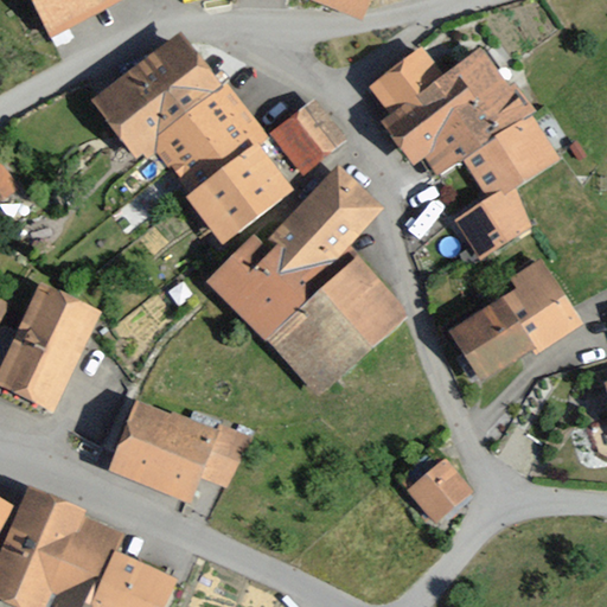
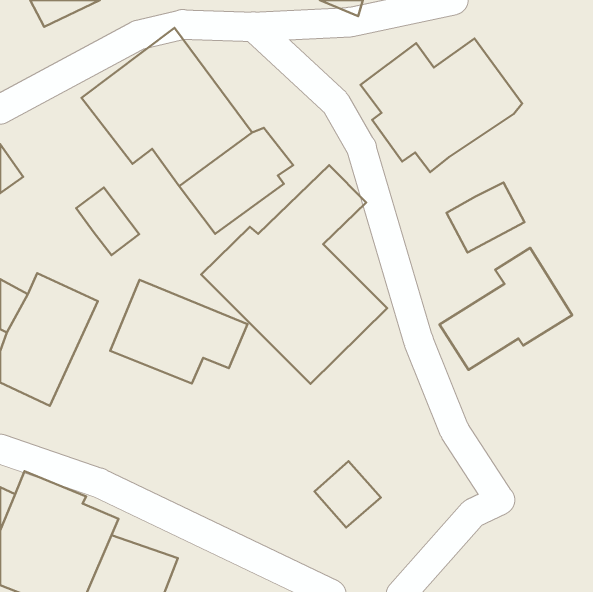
building: [270,100,344,171] -> none
building: [459,119,554,203] -> none
building: none -> [76,187,139,255]
building: [107,397,247,503] -> [110,280,247,383]
building: [409,460,477,528] -> [315,461,381,528]

